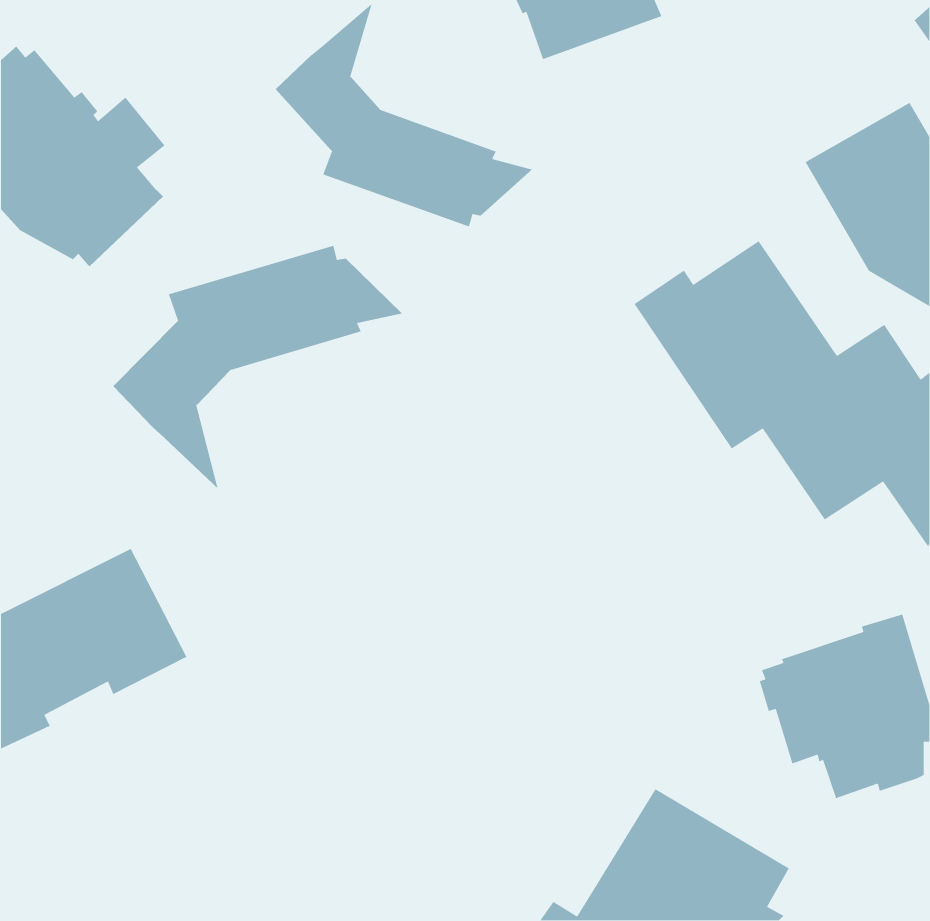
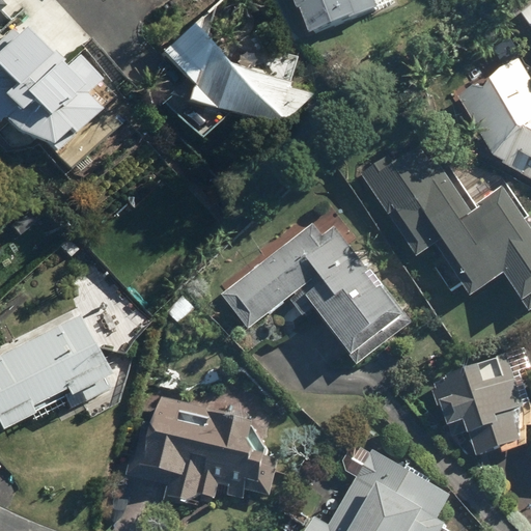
building: [112,245,403,490] -> none
building: none -> [223,222,414,365]
building: none -> [127,393,278,503]

